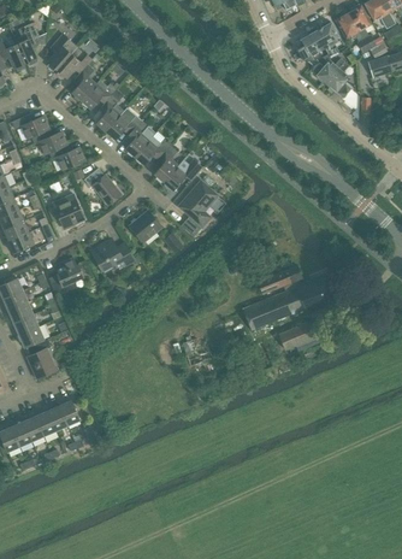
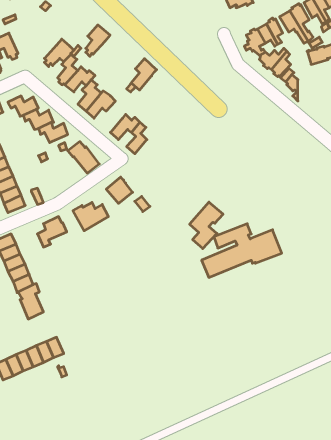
building: [14,23,39,66] -> none
building: [48,35,77,72] -> [86,25,110,56]
building: [125,120,155,158] -> [131,59,157,90]
building: [164,160,203,192] -> none
building: [178,181,218,236] -> [190,202,223,249]
building: [47,194,84,229] -> none
building: [279,322,319,352] -> none

